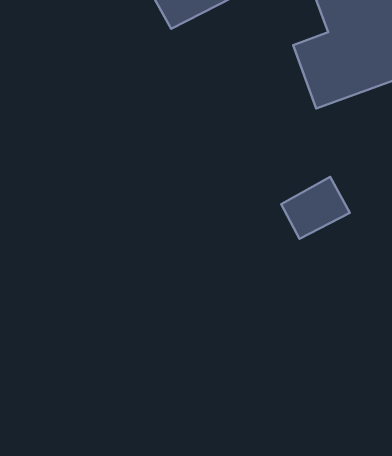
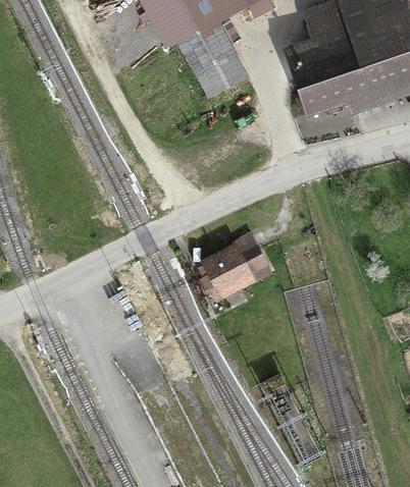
building: none -> [185,21,249,95]
building: [281,177,350,239] -> [204,246,268,304]

